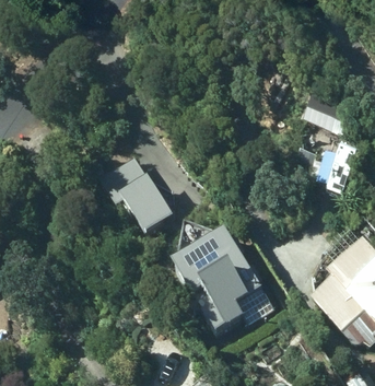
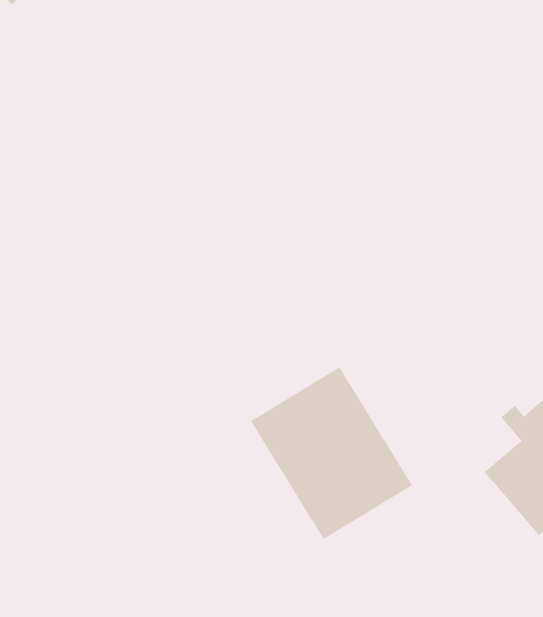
building: [101,161,173,234] -> none

